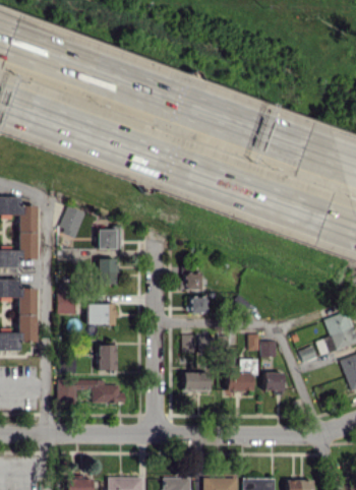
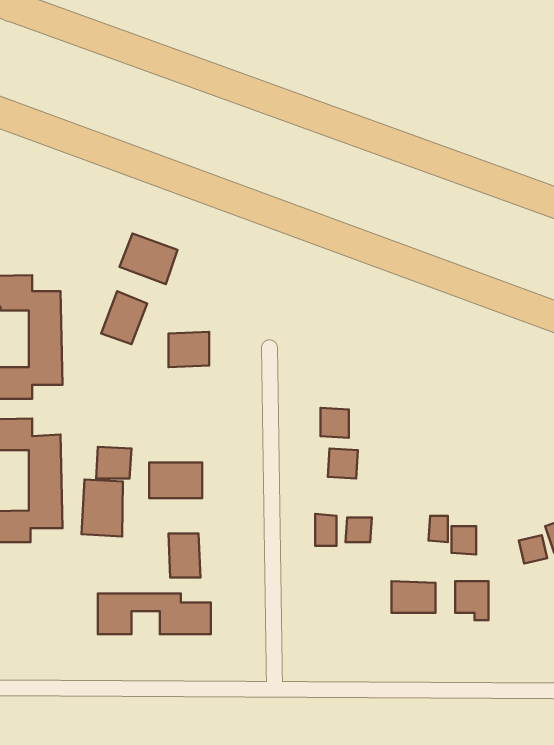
building: none -> [119,234,178,284]
building: [97,258,118,285] -> none
building: none -> [82,479,123,536]
building: [183,372,209,390] -> none

